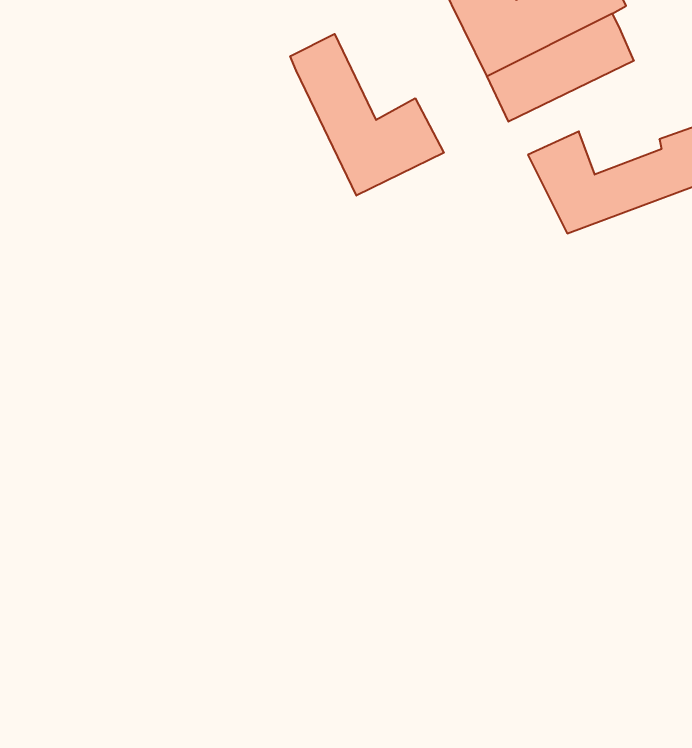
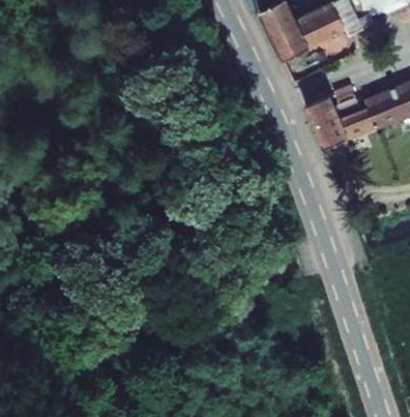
building: [290,34,444,196] -> none

